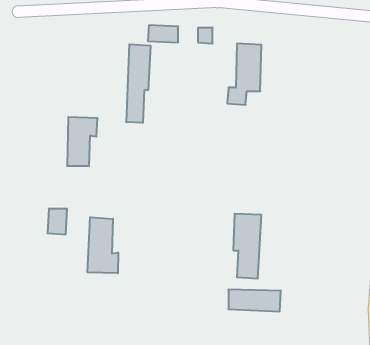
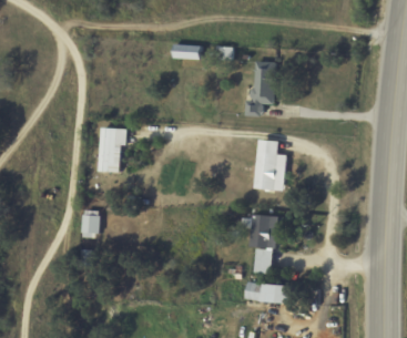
building: [126,44,151,123] -> none
building: none -> [254,139,287,191]
building: [88,217,118,273] -> none

